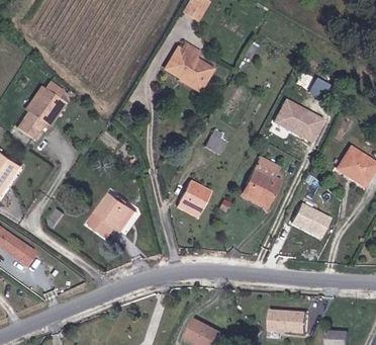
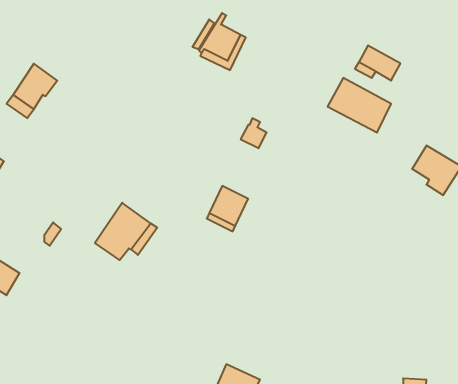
building: [246,168,283,202] -> none
building: [290,203,328,237] -> none
building: [274,308,313,329] -> none

